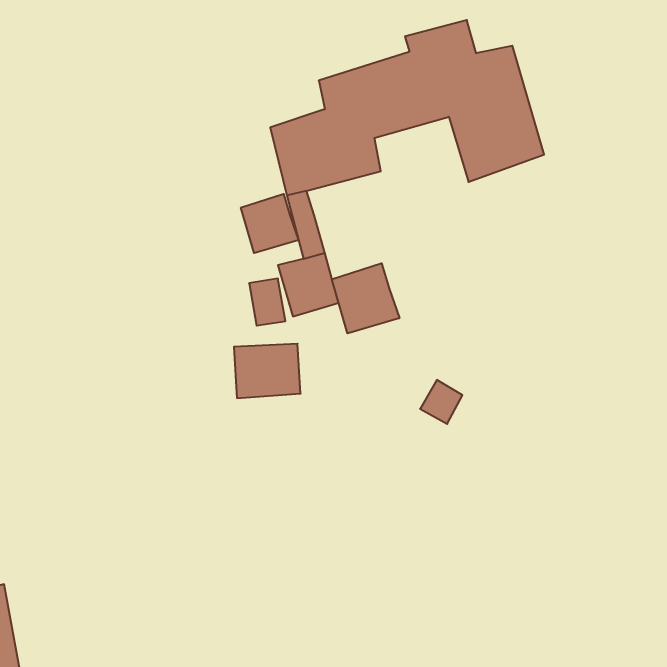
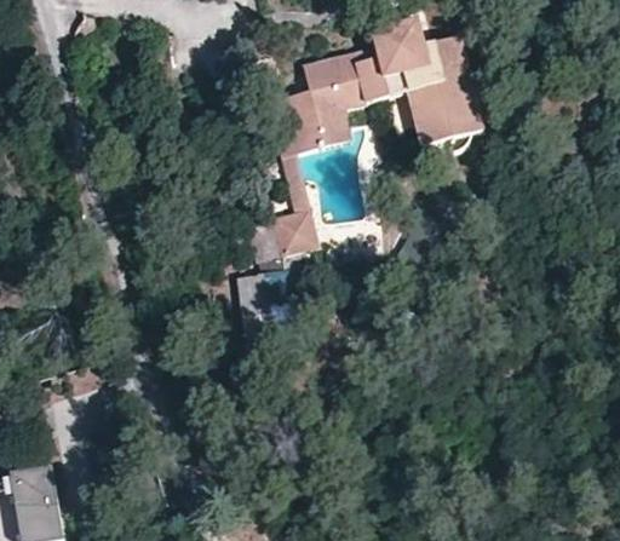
building: [241,194,299,253] -> none
building: [332,263,399,333] -> none

